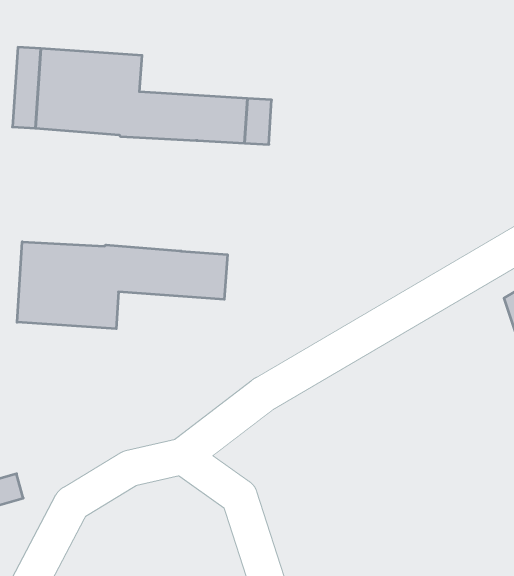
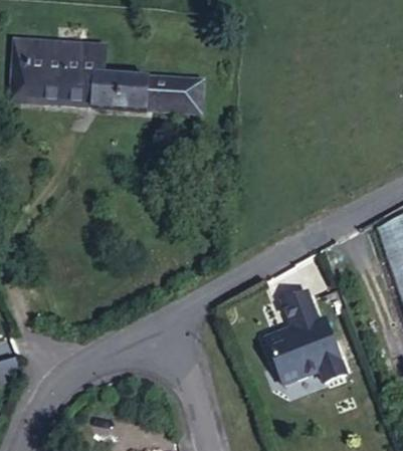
building: [17,242,227,329] -> none
building: none -> [265,288,346,384]

